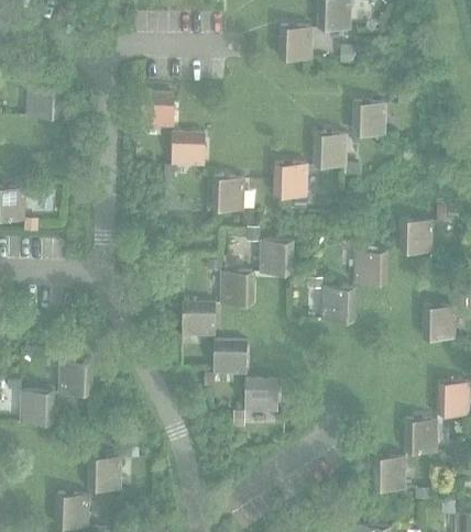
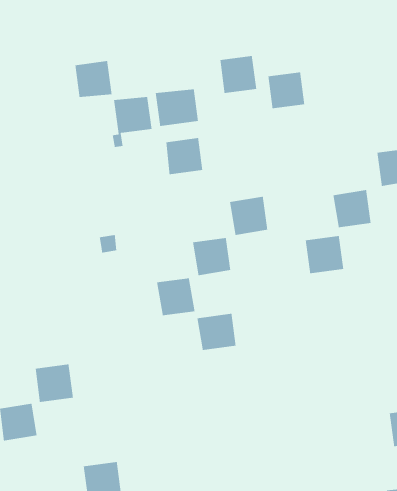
building: [352,102,385,135] -> none
building: none -> [155,89,199,127]
building: [274,164,306,197] -> [219,55,257,94]
building: [245,380,276,412] -> none

